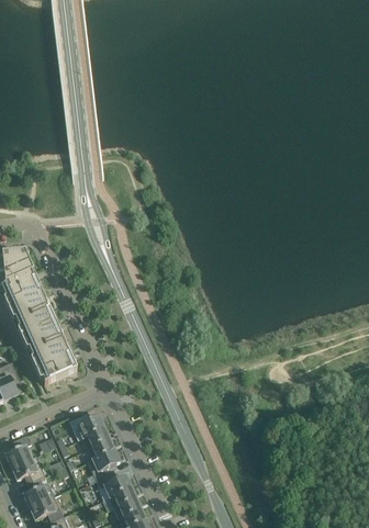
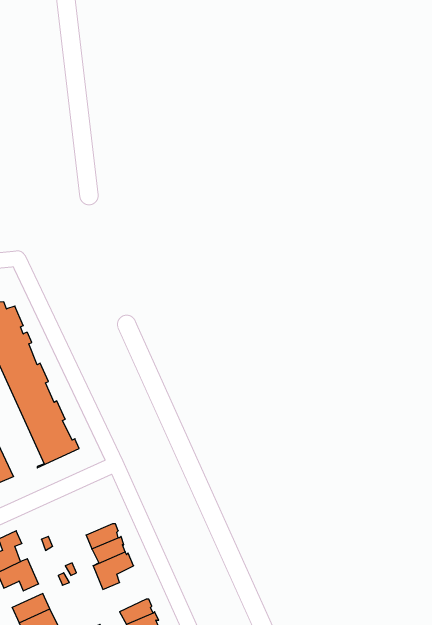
building: [69,415,103,439] -> none
building: [96,474,131,497] -> none

